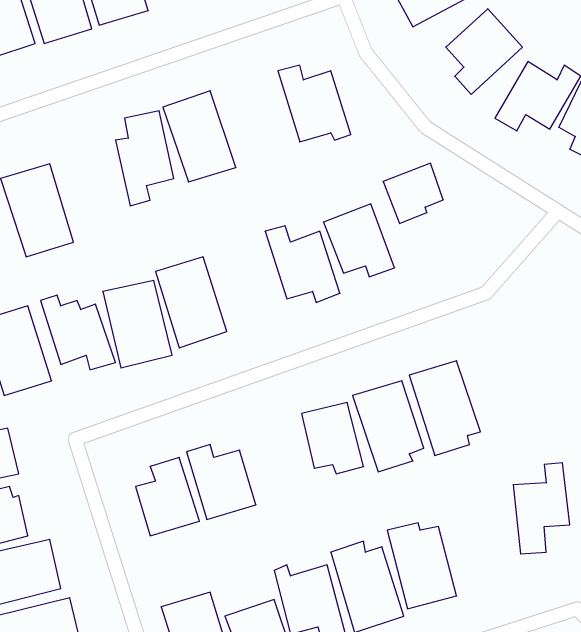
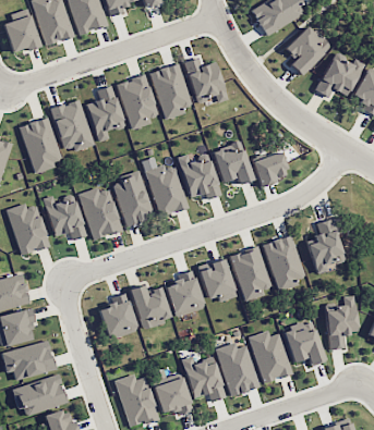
building: none -> [149,63,192,120]
building: none -> [50,98,94,151]
building: [383,163,443,223] -> [252,150,288,186]
building: none -> [146,164,189,217]
building: none -> [306,217,346,271]
building: none -> [166,269,203,316]
building: none -> [282,319,325,366]

